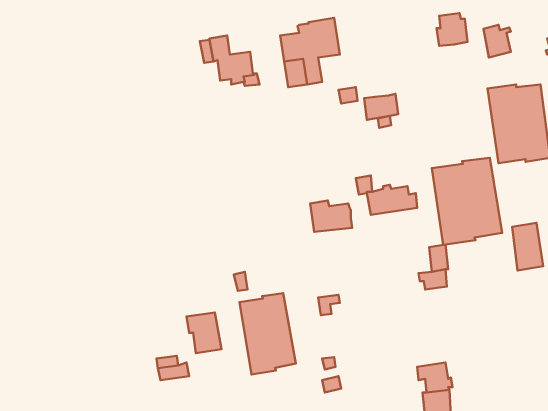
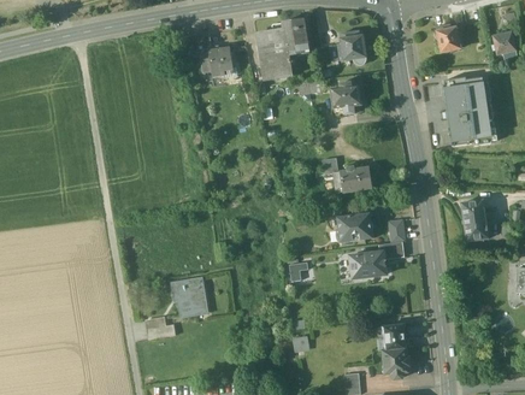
building: [436,13,468,46] -> [338,31,366,60]
building: [432,158,502,245] -> none
building: [310,201,352,232] -> [337,214,374,242]
building: none -> [350,252,387,278]
building: [240,293,296,374] -> none

